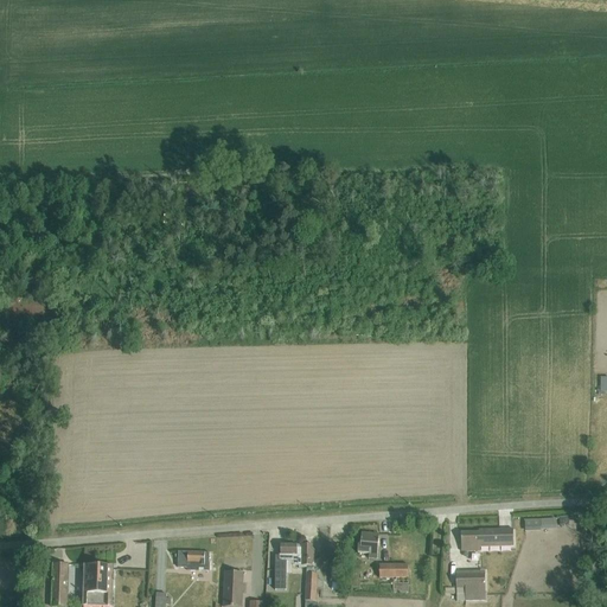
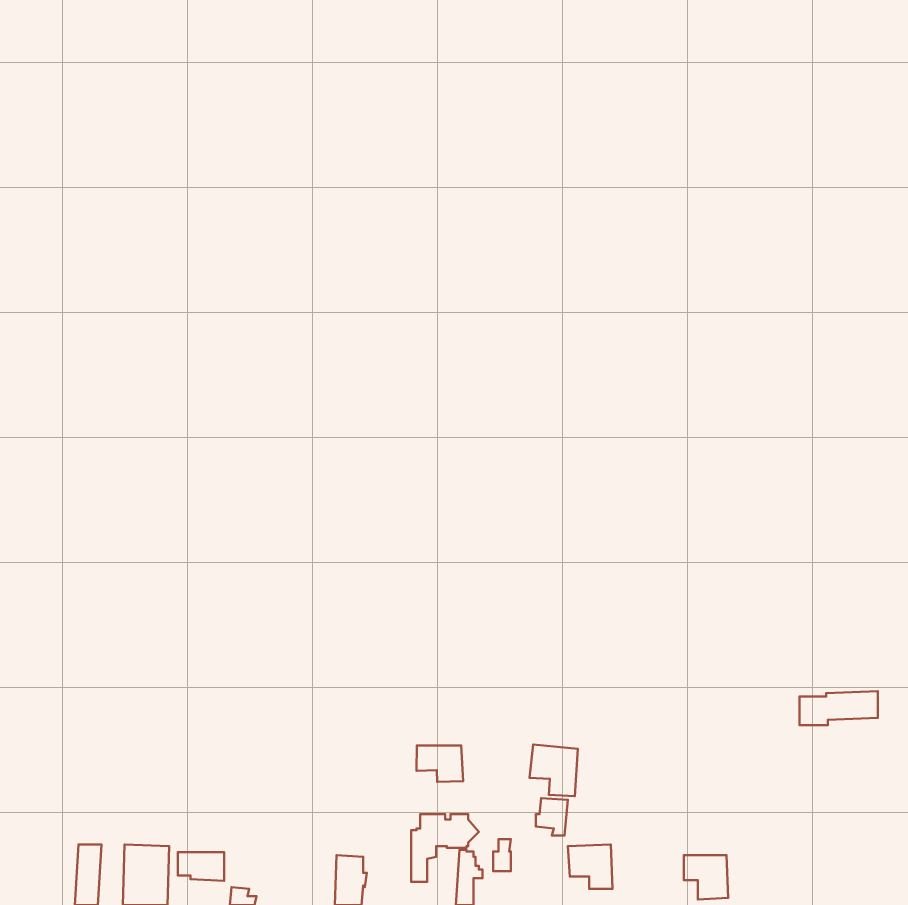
building: none -> [529,744,578,796]
building: none -> [416,746,463,782]
building: [460,526,512,549] -> [799,691,878,725]
building: [178,550,209,569] -> [178,852,224,881]

